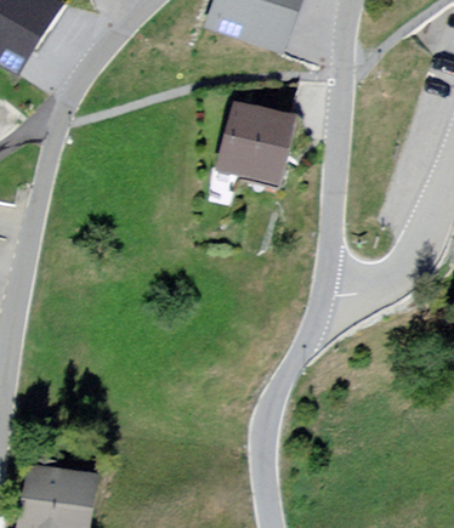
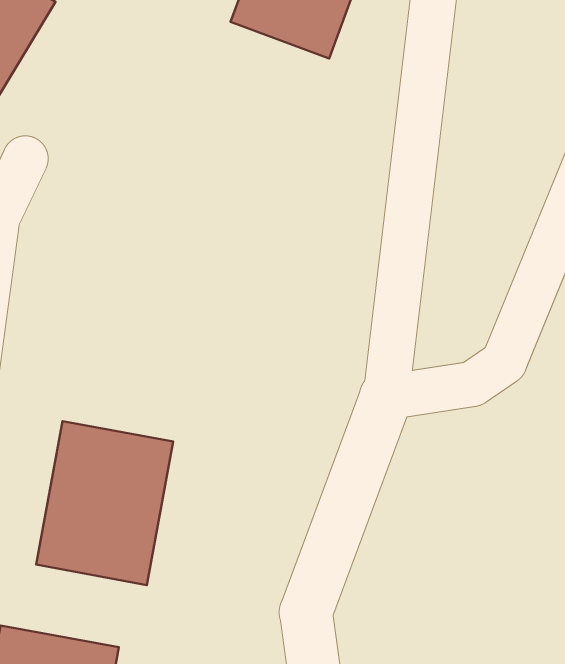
building: [211,103,280,178] -> none
building: none -> [36,421,173,585]

